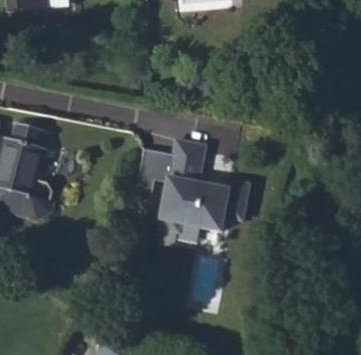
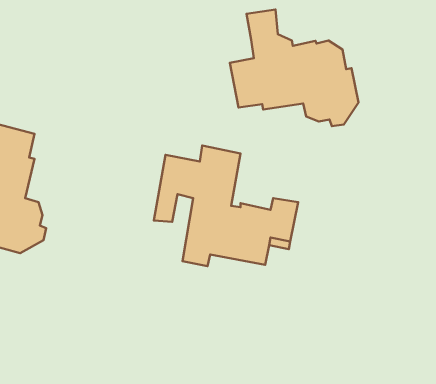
building: none -> [230,10,358,126]

